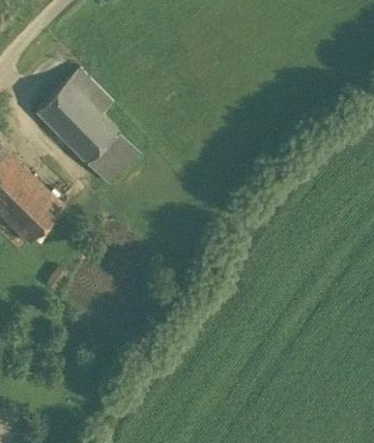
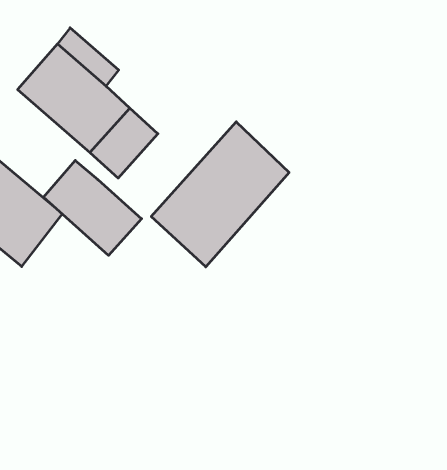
building: none -> [151,122,289,267]
building: none -> [44,160,142,255]

